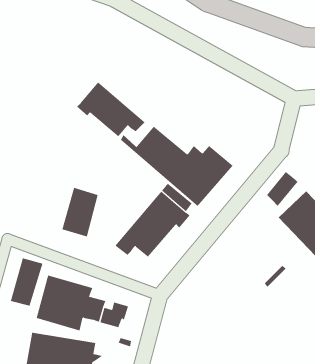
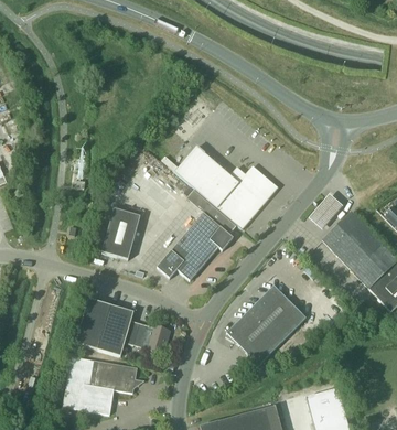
building: [76,81,145,137] -> none
building: [10,257,43,306] -> none
building: none -> [226,284,305,364]

